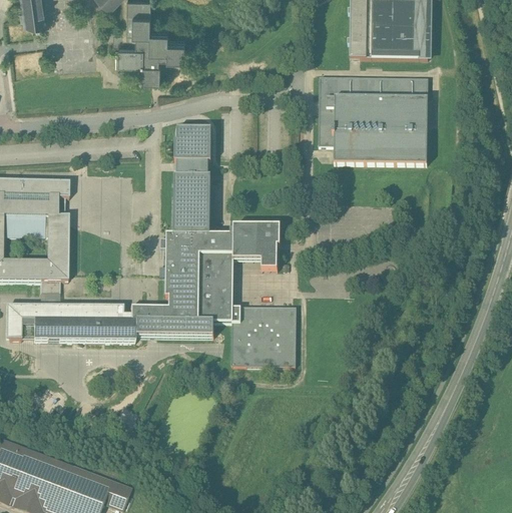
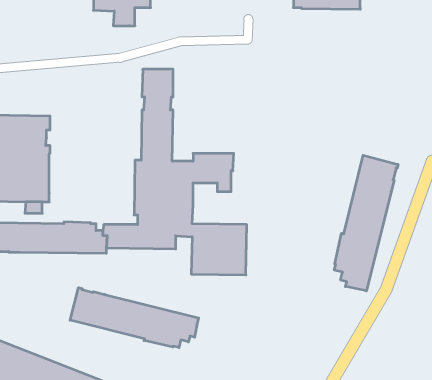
building: [319,76,427,163] -> none
building: none -> [334,155,398,291]
building: none -> [70,288,199,348]

